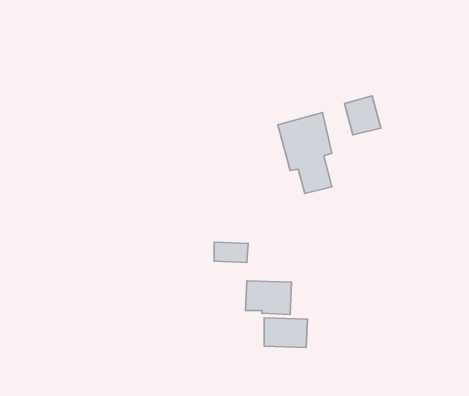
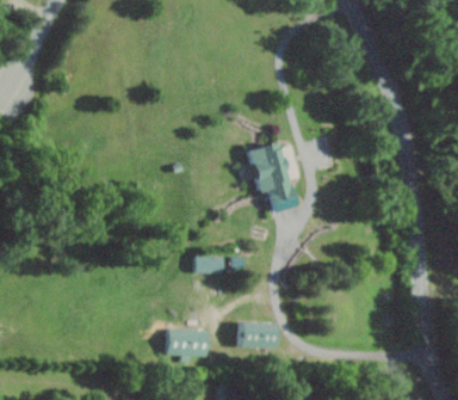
building: [345,96,381,135] -> none
building: [245,281,291,314] -> [166,328,206,358]

